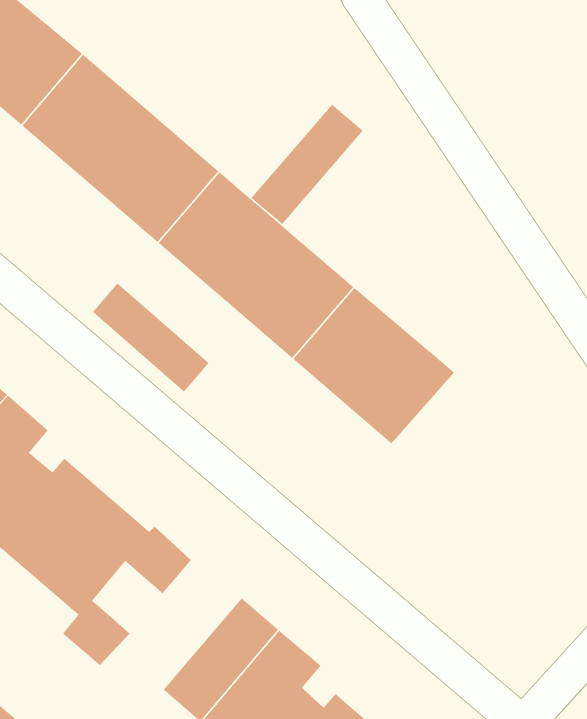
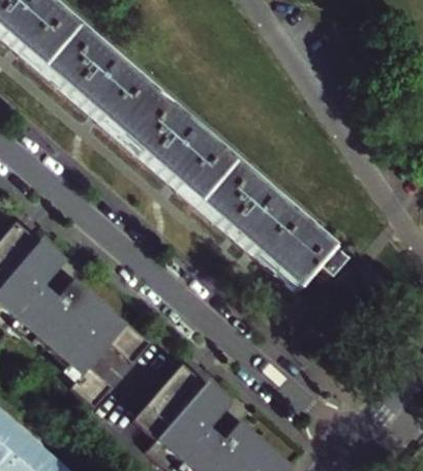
building: [251,104,363,225] -> none
building: [92,282,209,392] -> none
building: none -> [273,227,346,291]

